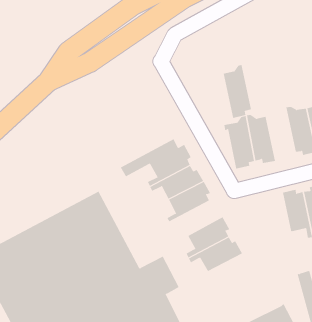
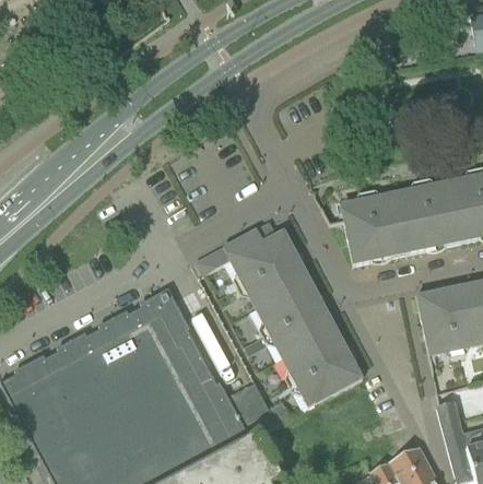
building: [223,65,252,118] -> [396,178,435,251]
building: none -> [263,305,337,353]

